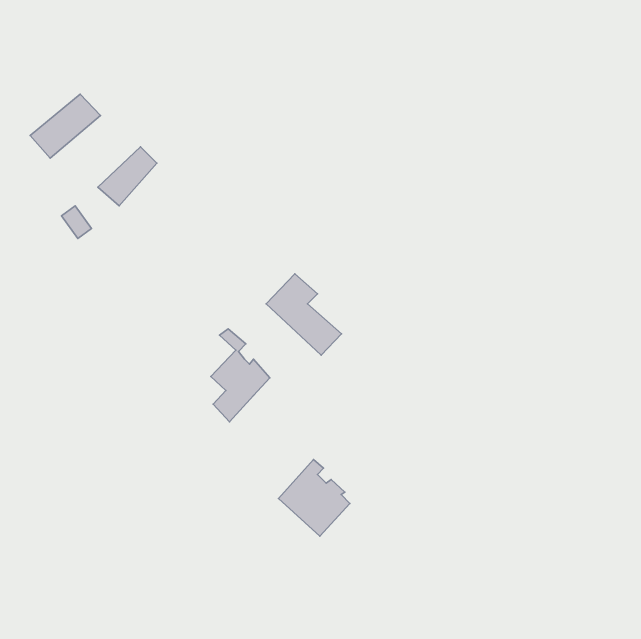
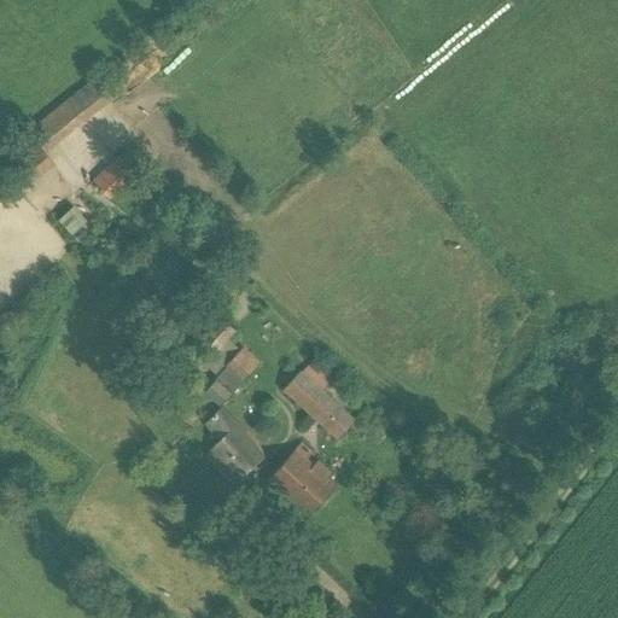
building: [266,274,341,355] -> [284,360,356,438]
building: none -> [204,408,267,485]

